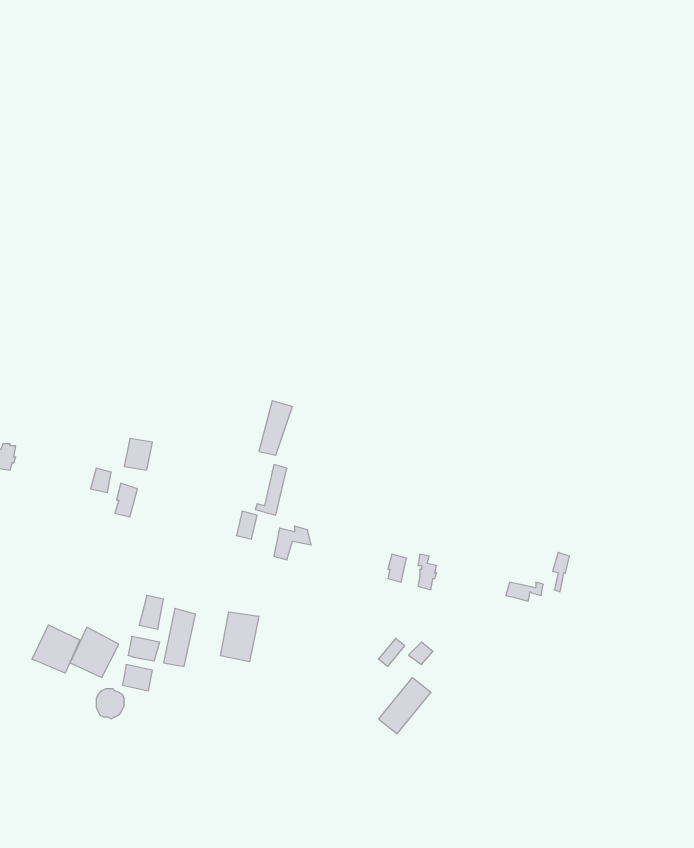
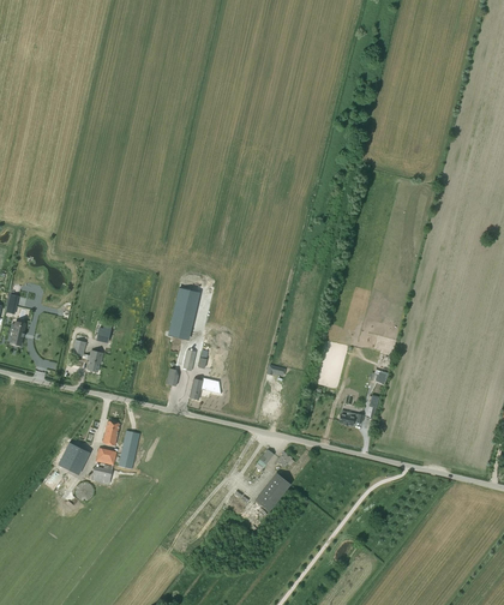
building: [220,612,259,662] -> none
building: [32,625,80,673] -> none

